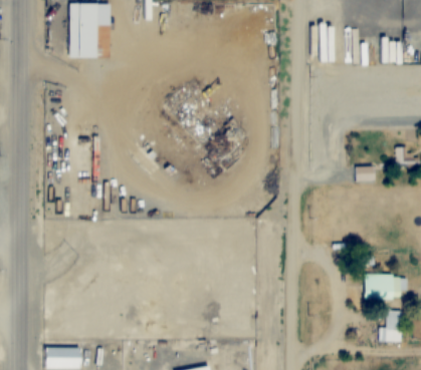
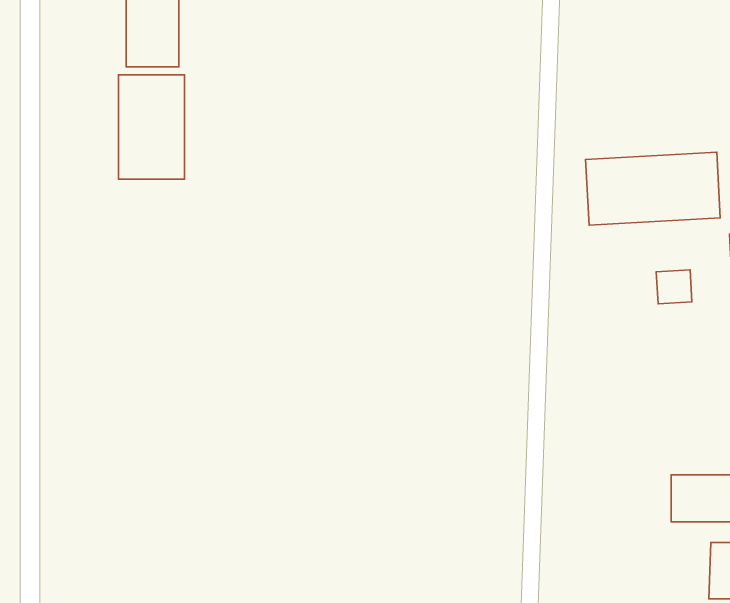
building: none -> [119,75,184,179]
building: none -> [585,152,720,225]

